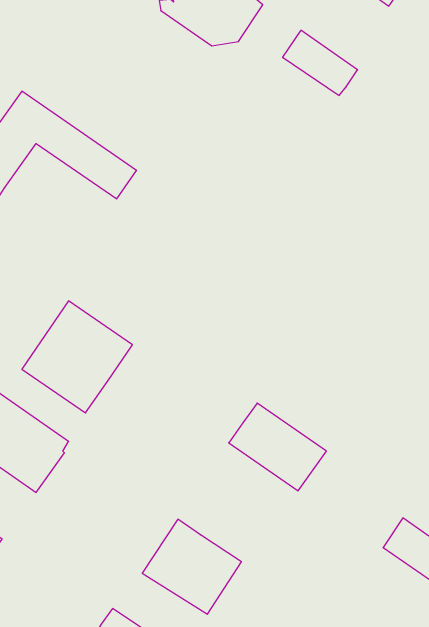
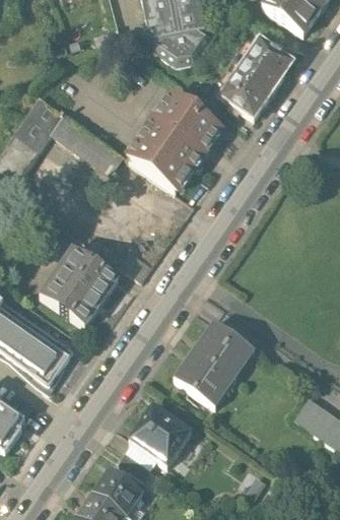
building: none -> [240,37,293,81]
building: none -> [216,72,267,119]
building: none -> [128,96,217,190]
building: none -> [171,348,237,408]

